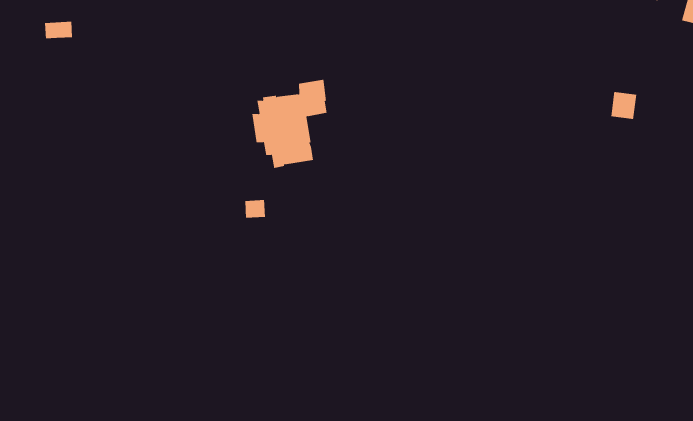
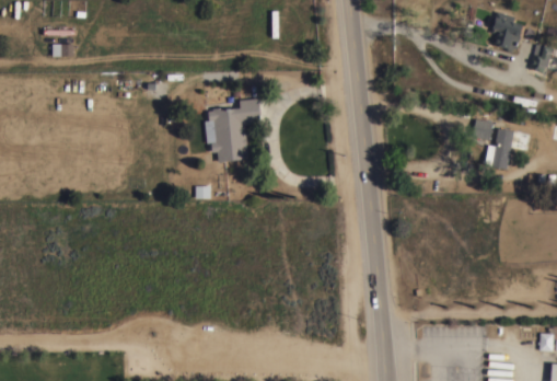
building: none -> [485,129,515,170]

